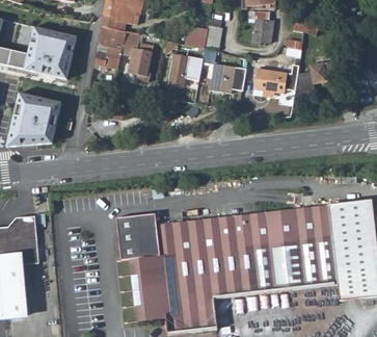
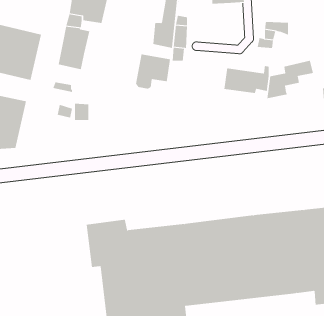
building: [252,18,274,44] -> none
building: [119,32,153,82] -> none
building: [209,63,245,94] -> none

